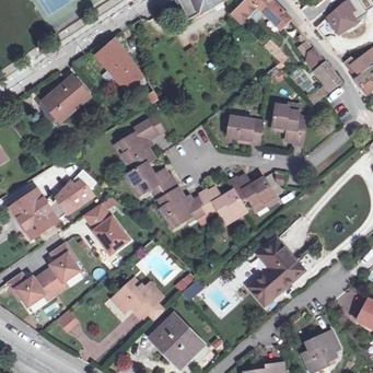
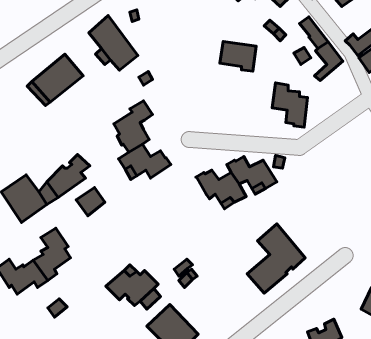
building: [228,116,263,144] -> [220,41,256,71]
building: [158,187,209,225] -> none
building: [95,218,128,254] -> none

